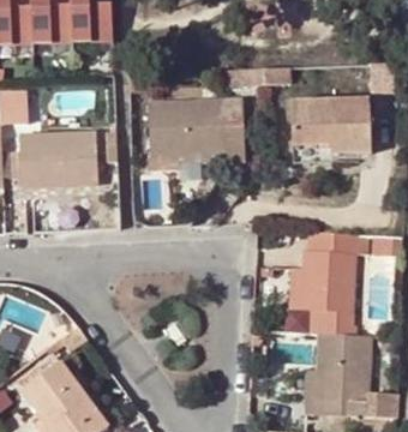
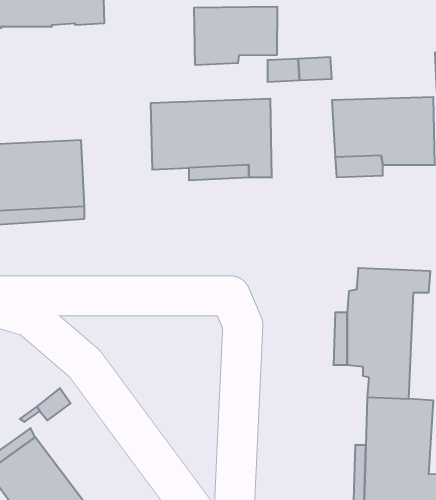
building: none -> [194,7,277,65]

